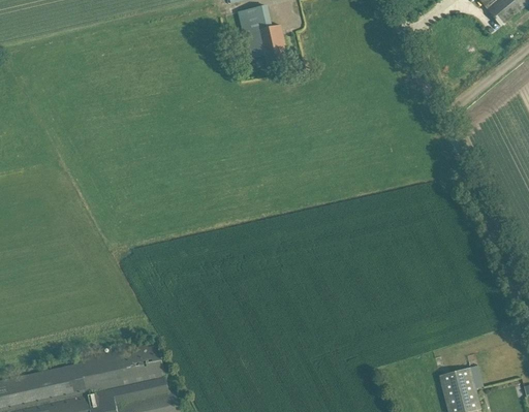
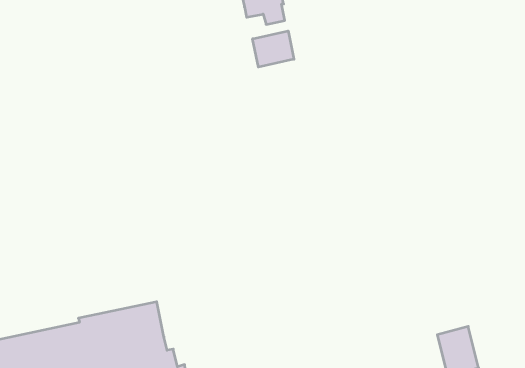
building: none -> [253,31,294,67]

